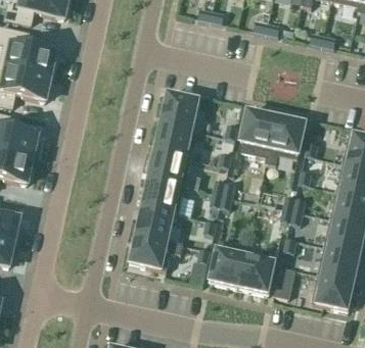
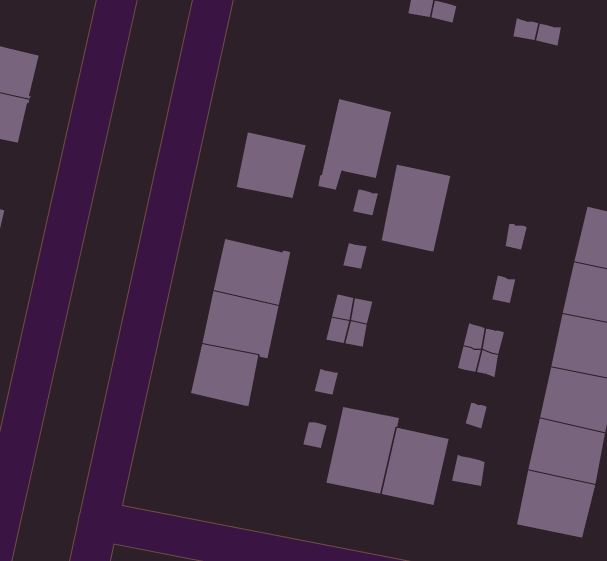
building: [265,116,305,165] -> [318,99,392,190]
building: [154,122,191,157] -> none
building: [130,233,182,269] -> none

